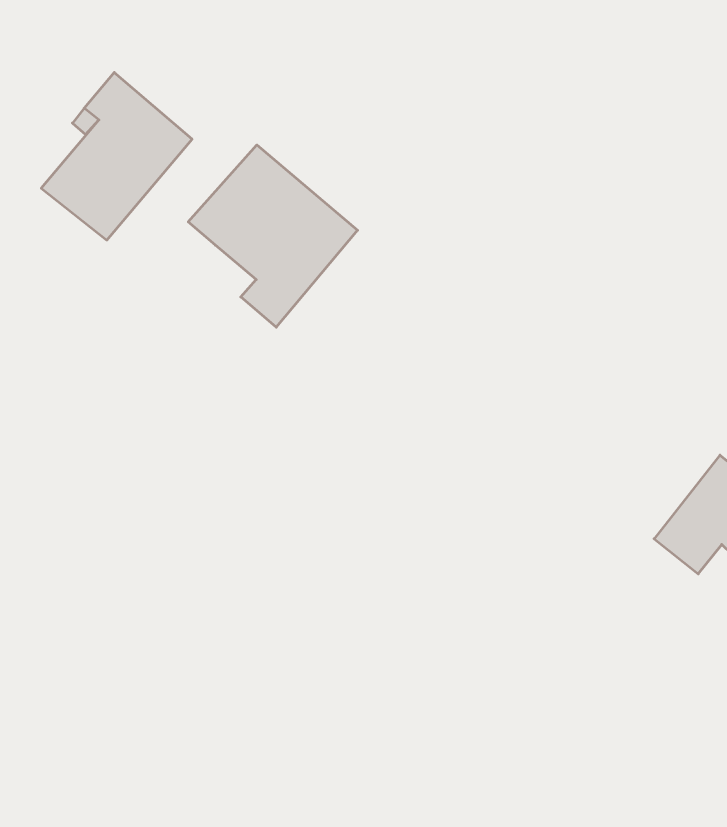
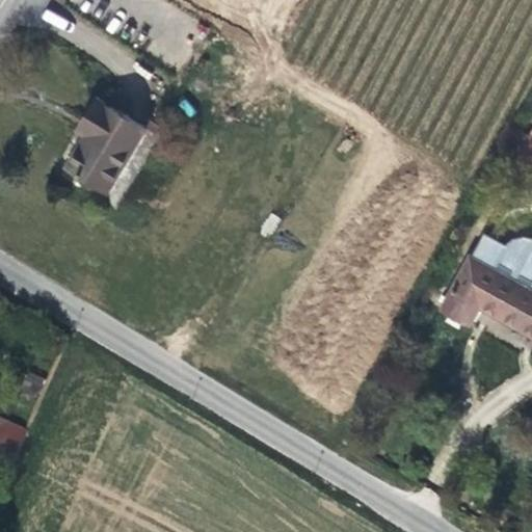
building: [188,145,358,327] -> none

